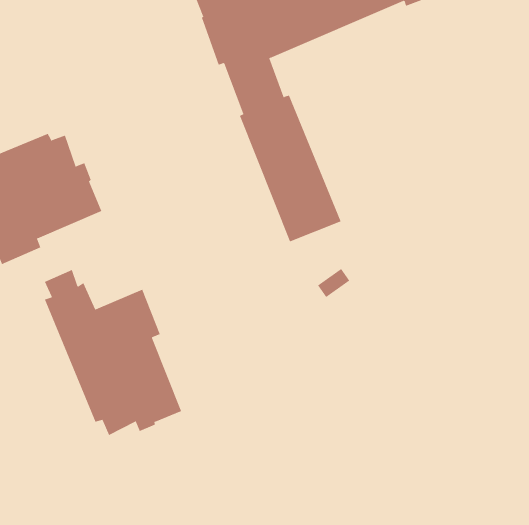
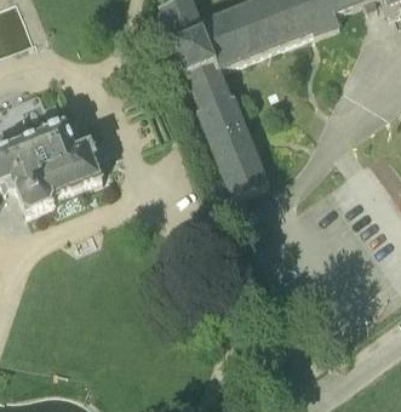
building: [44,269,182,436] -> none

